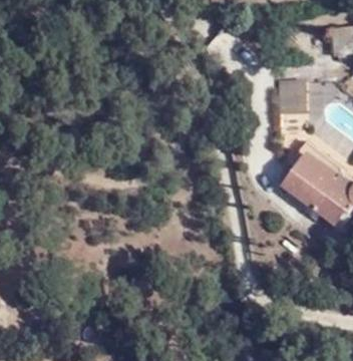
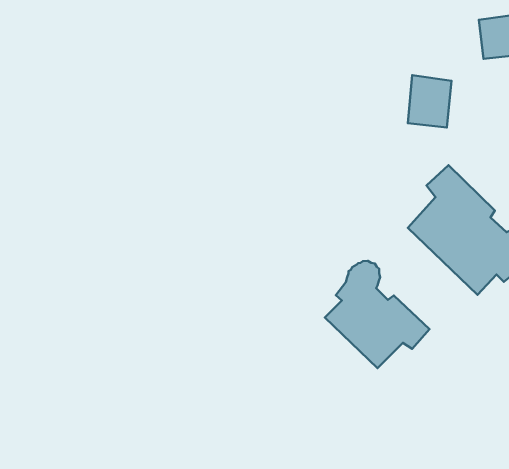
building: none -> [325,261,429,368]

